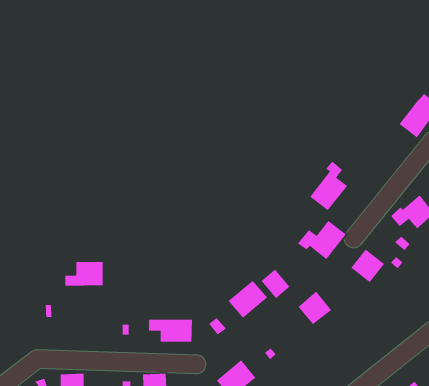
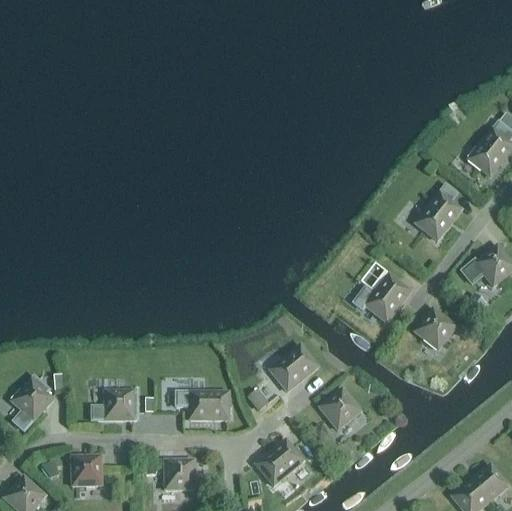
building: [309,160,348,211] -> [418,182,464,242]
building: [64,261,103,287] -> [91,390,137,420]
building: [260,268,291,299] -> none
building: [298,291,332,325] -> [319,388,360,429]
building: none -> [11,376,52,430]

